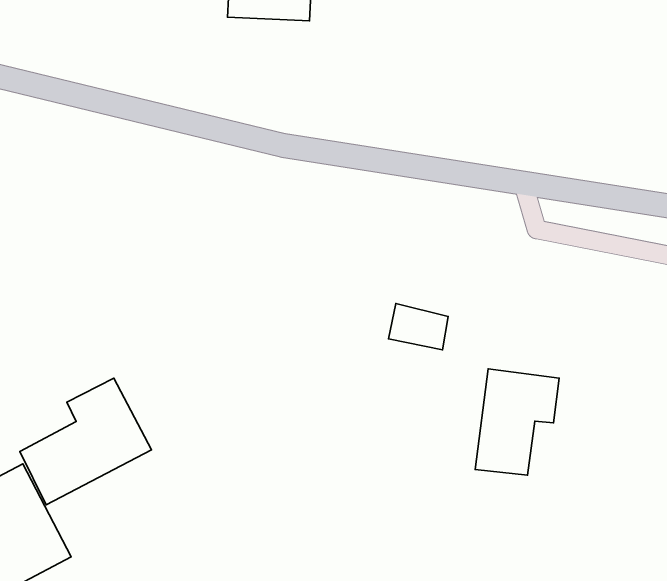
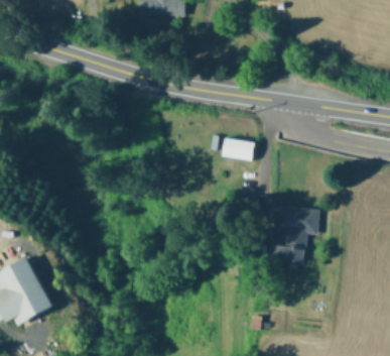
building: [389,303,448,350] -> [224,136,256,161]
building: [20,378,152,505] -> none

